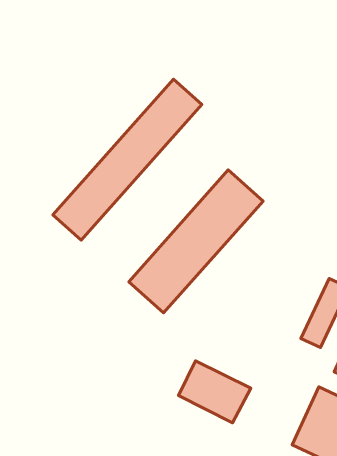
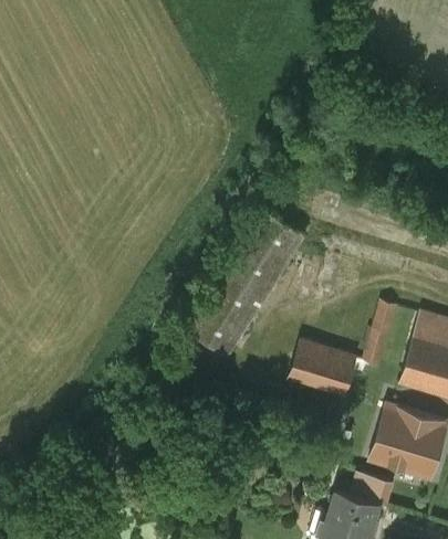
building: [53,79,202,240] -> none
building: [178,361,251,423] -> [290,341,357,394]

